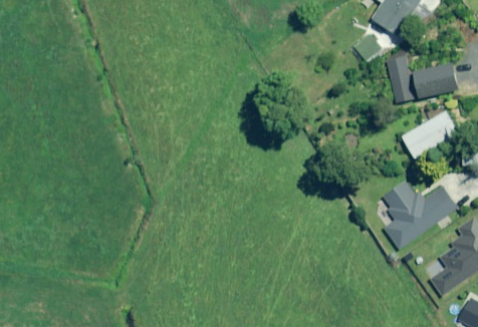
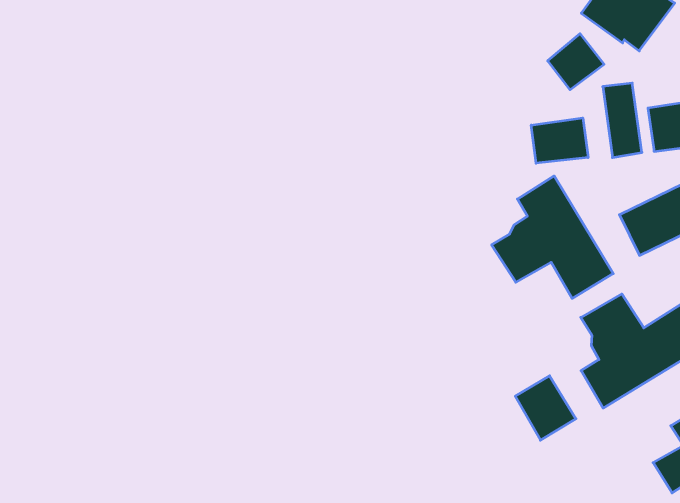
building: none -> [531,118,588,163]
building: none -> [492,176,613,298]
building: none -> [515,376,576,440]

